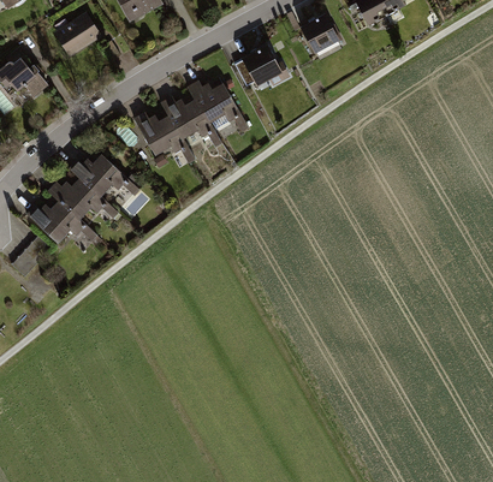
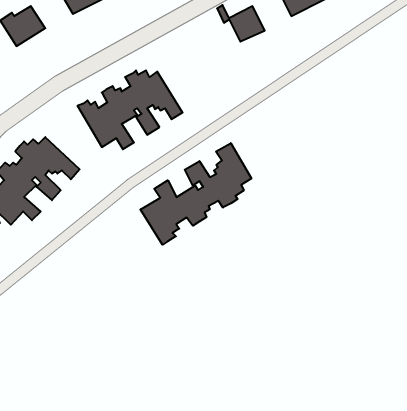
building: [234,41,289,85] -> none
building: none -> [140,143,251,245]

